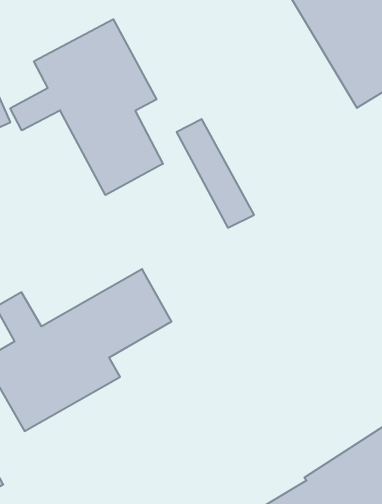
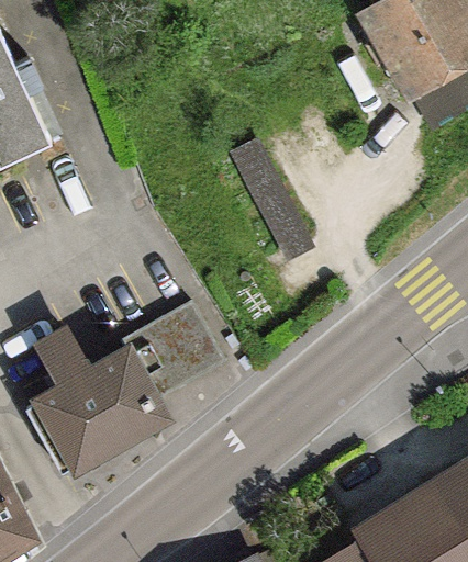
building: [10,19,163,195] -> none

